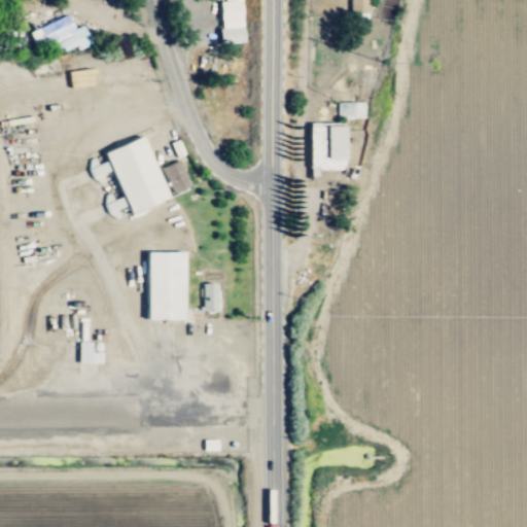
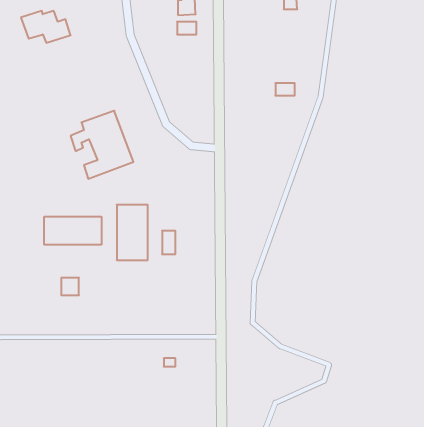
building: [313,125,347,168] -> none
building: [165,160,194,192] -> none
building: none -> [44,217,101,245]

